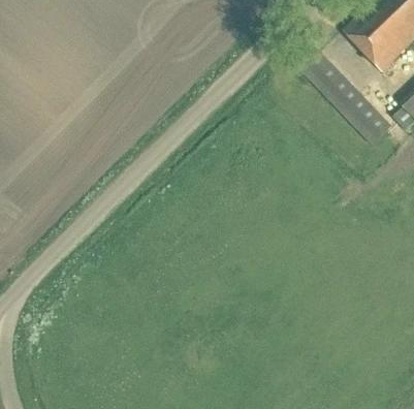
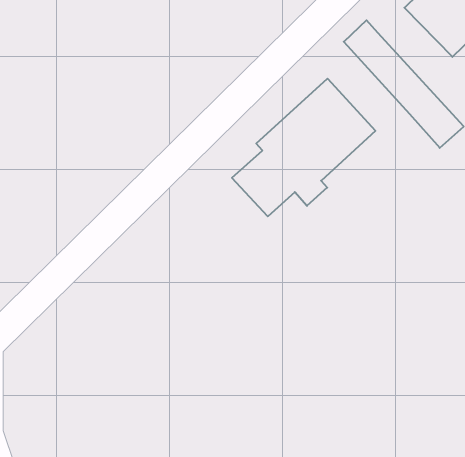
building: none -> [232,79,375,216]

